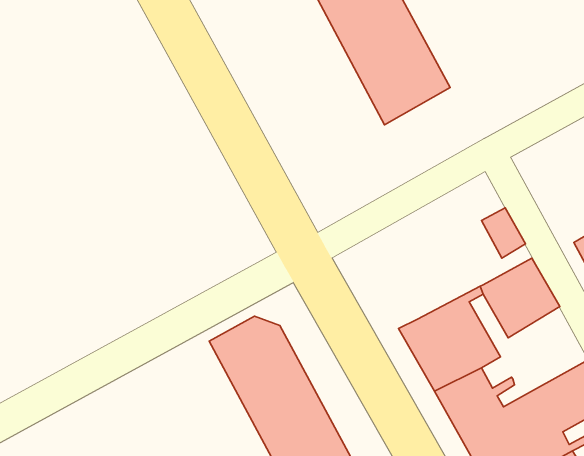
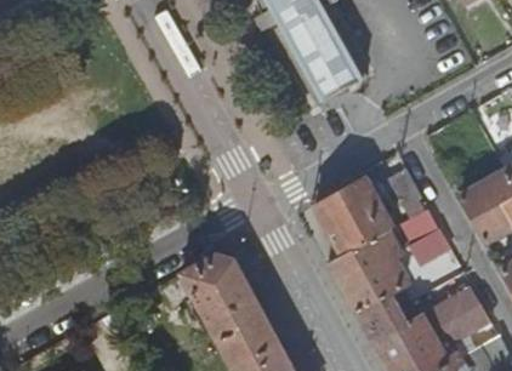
building: none -> [314,177,392,255]

